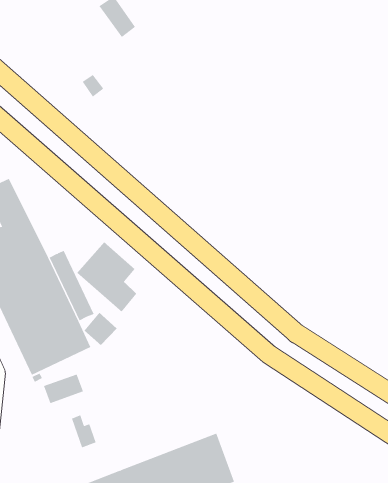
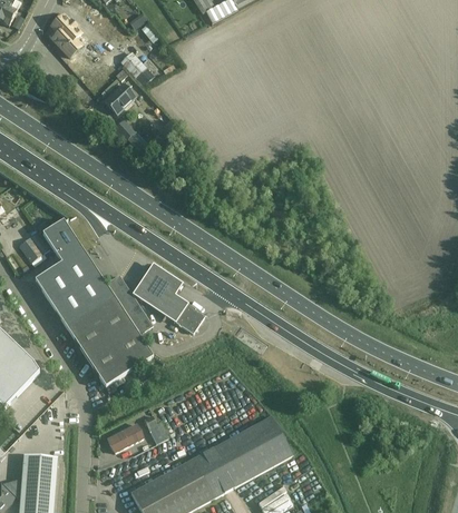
building: none -> [104,83,135,114]
building: [84,312,117,346] -> [175,304,204,333]
building: [43,374,84,404] -> [107,423,143,452]

